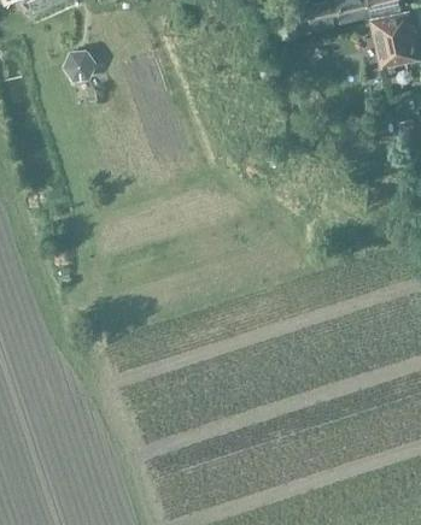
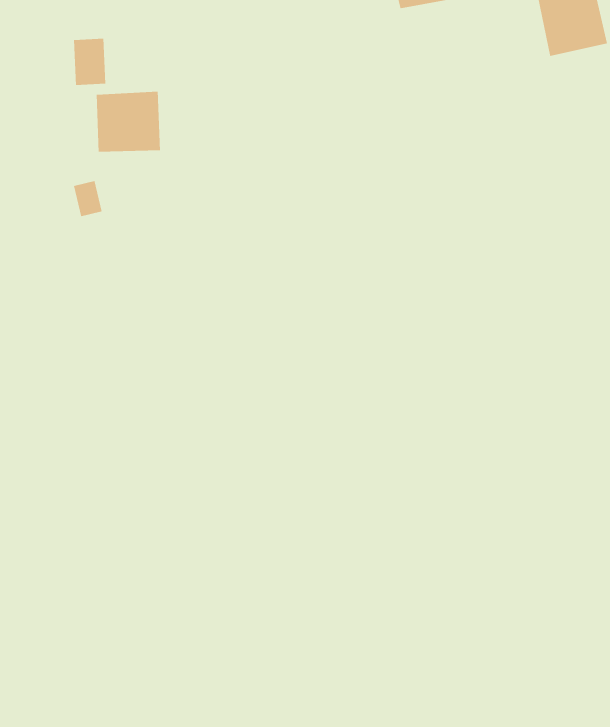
building: none -> [96,91,161,152]

